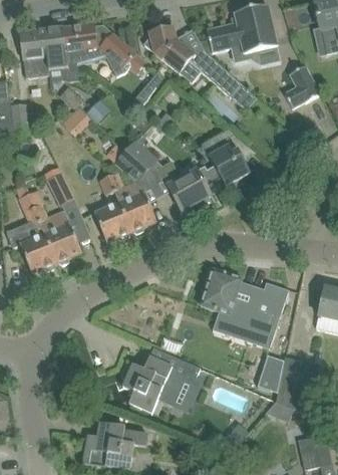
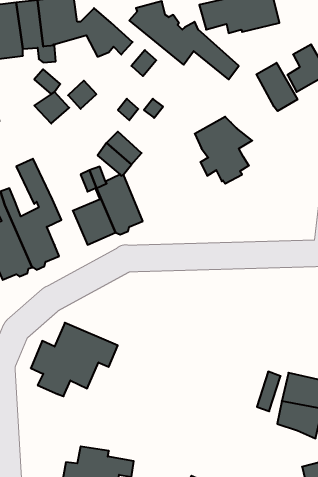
building: none -> [256,63,297,111]
building: [156,160,213,210] -> none
building: [203,269,288,348] -> none
building: [122,346,200,412] -> [31,323,118,396]

